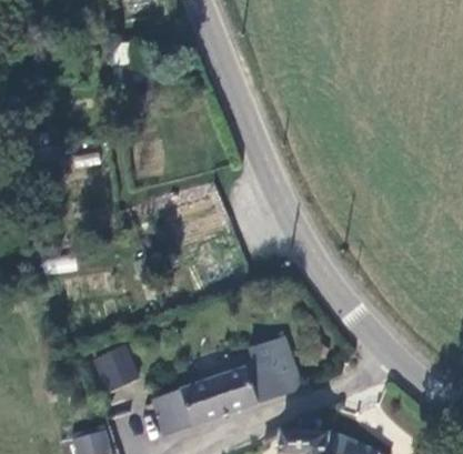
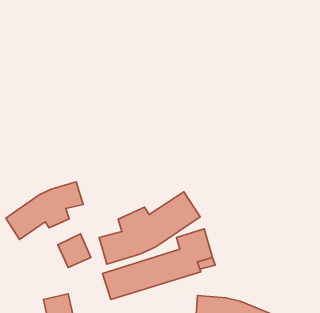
building: none -> [6,182,83,239]
building: none -> [99,192,200,264]

